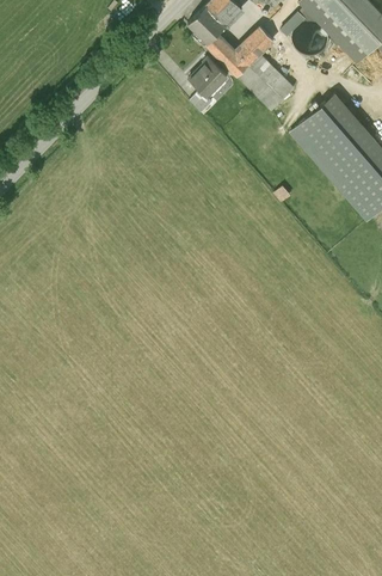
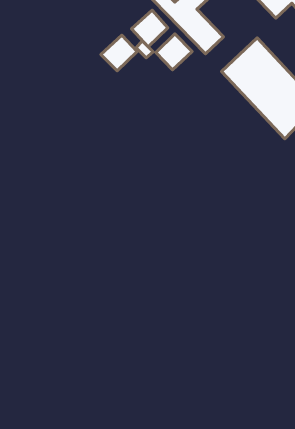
building: none -> [156,34,192,70]
building: none -> [101,35,137,71]

